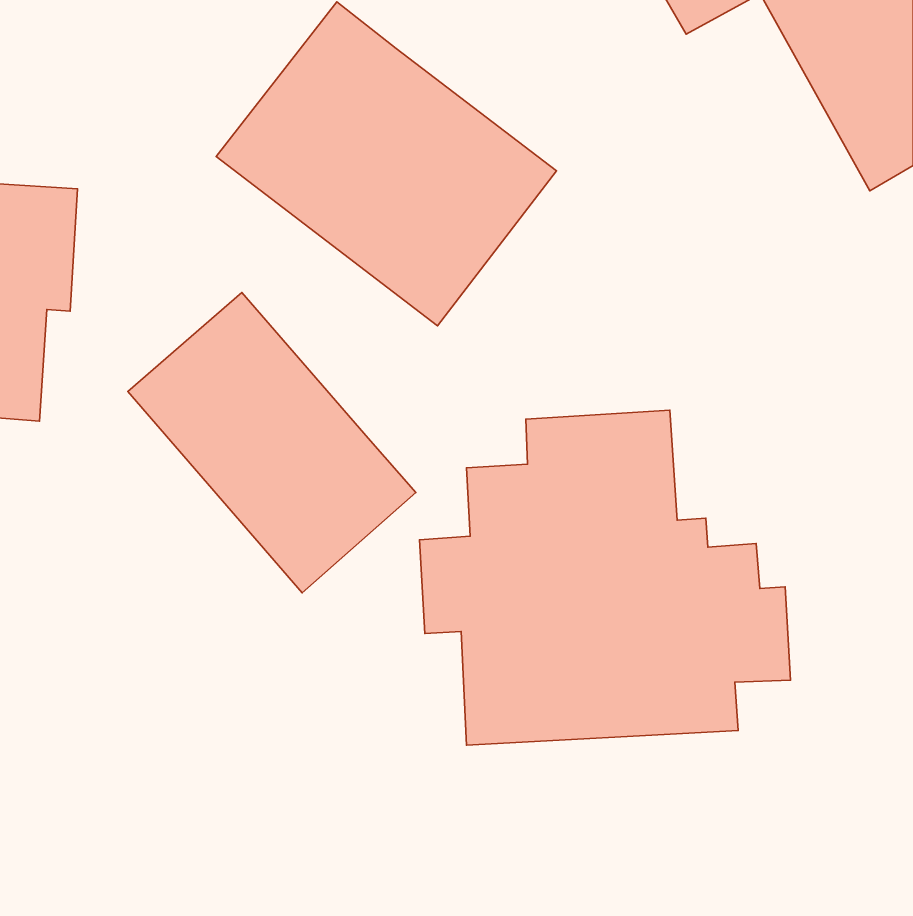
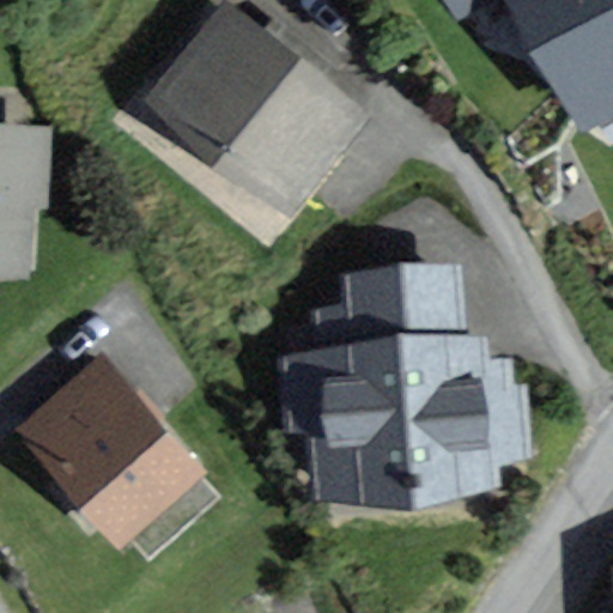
building: [128,293,416,593] -> none
building: none -> [14,356,206,550]

